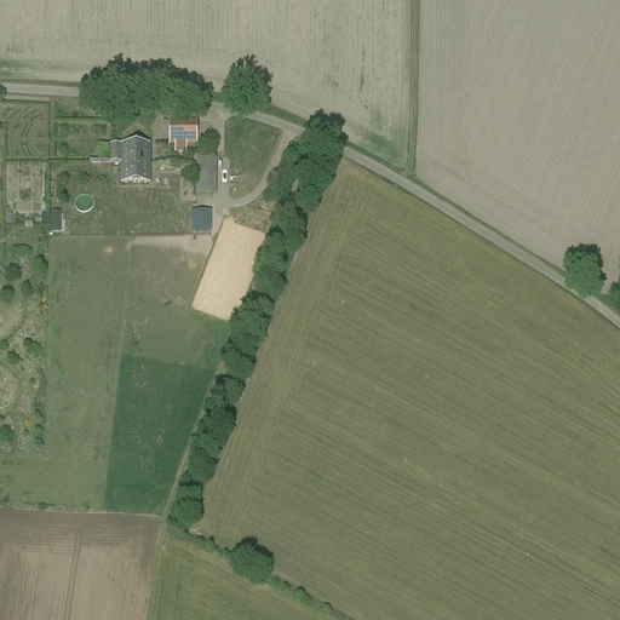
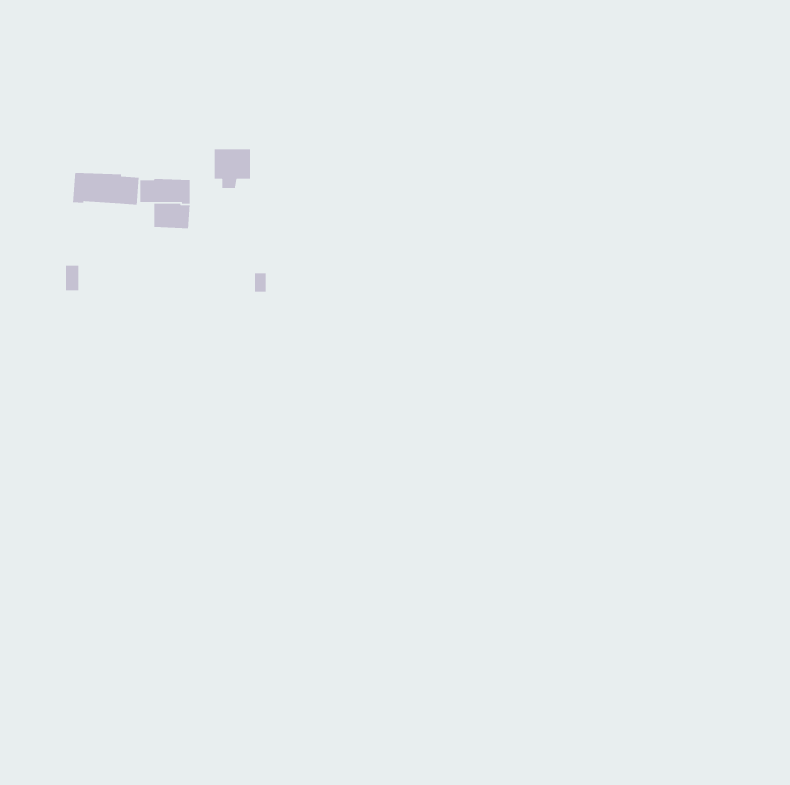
building: none -> [72,172,140,206]
building: [197,151,217,191] -> none

